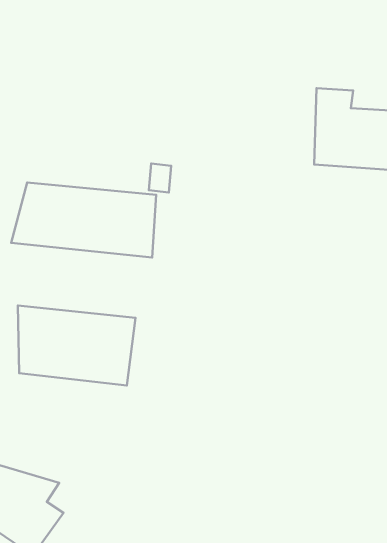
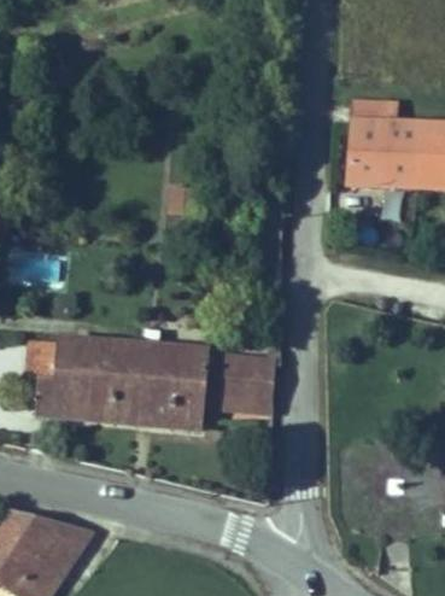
building: [11,182,156,257] -> none
building: none -> [144,349,269,428]

